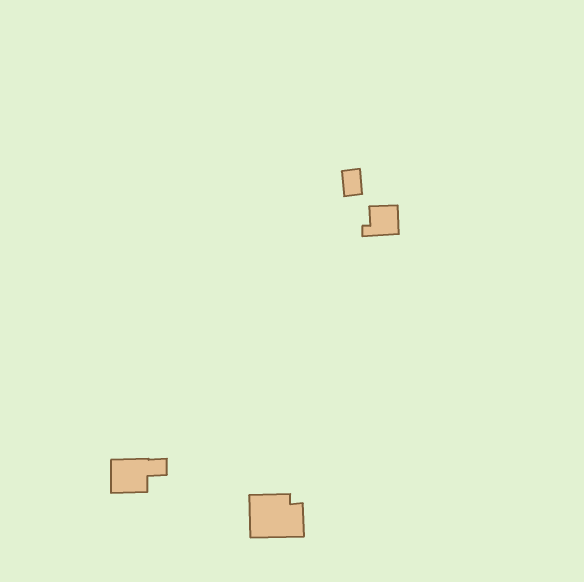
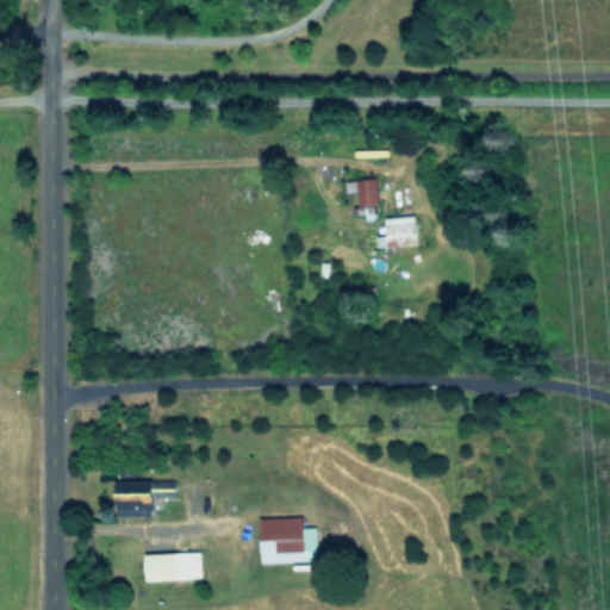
building: none -> [144,552,201,581]

